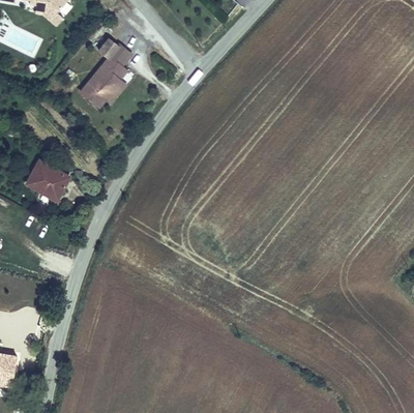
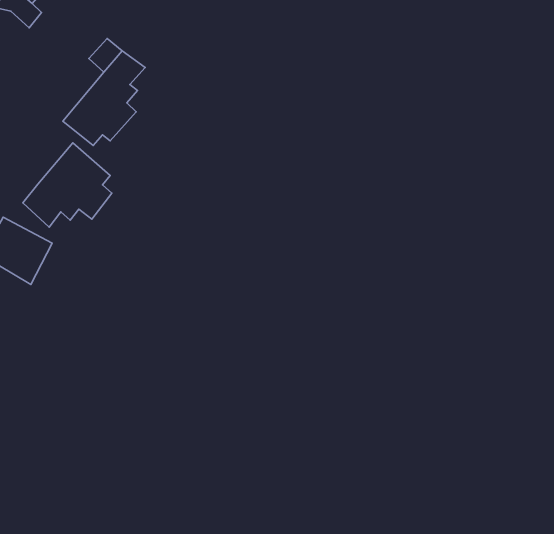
building: none -> [23,143,112,227]

